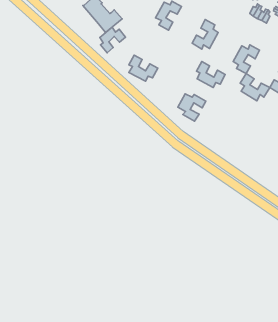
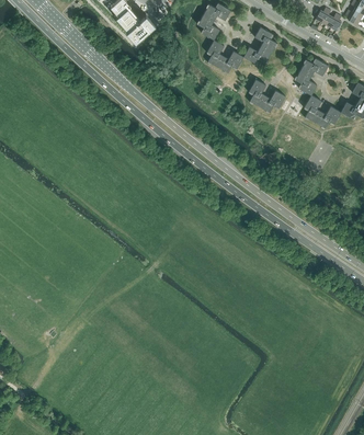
building: [100,27,126,53] -> none
building: [129,55,158,81] -> [207,39,243,72]
building: [178,94,206,121] -> none

